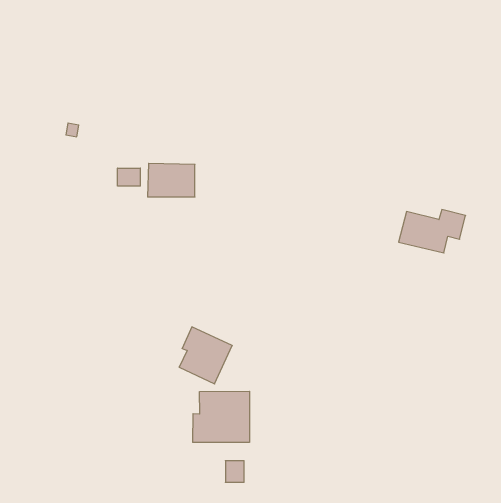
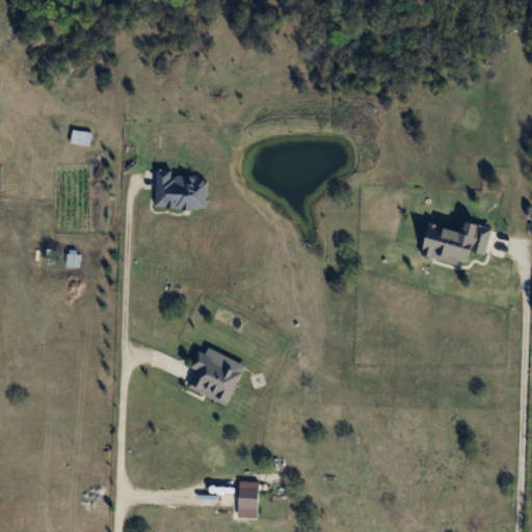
building: [118,168,140,186] -> none
building: [193,391,250,442] -> none

